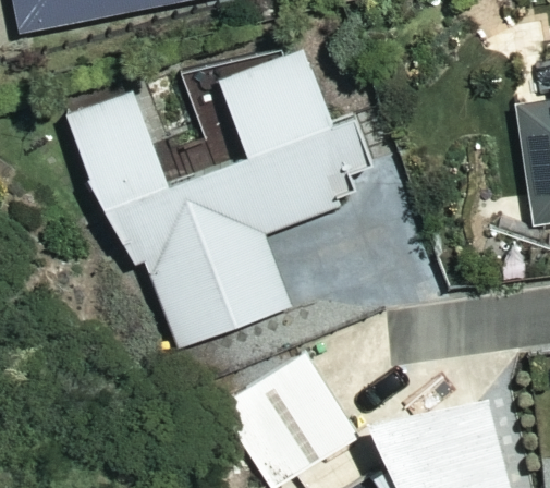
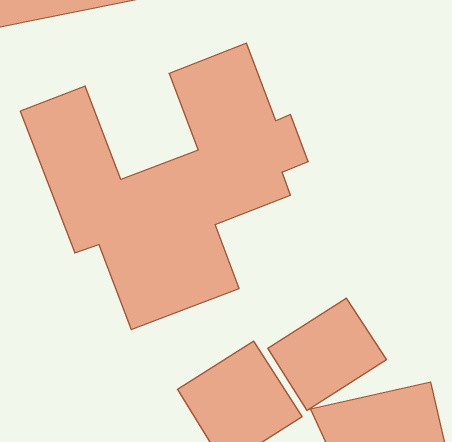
building: none -> [268,298,387,410]

